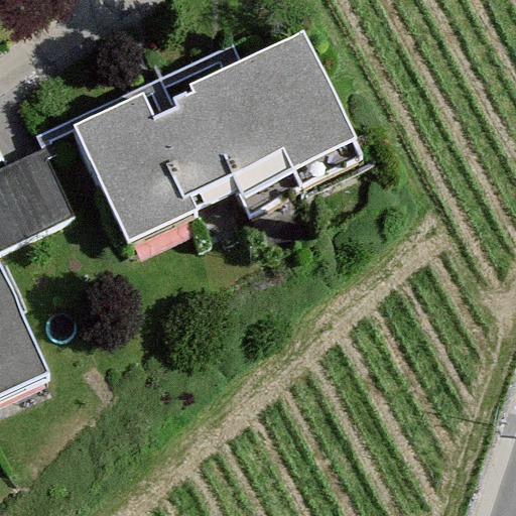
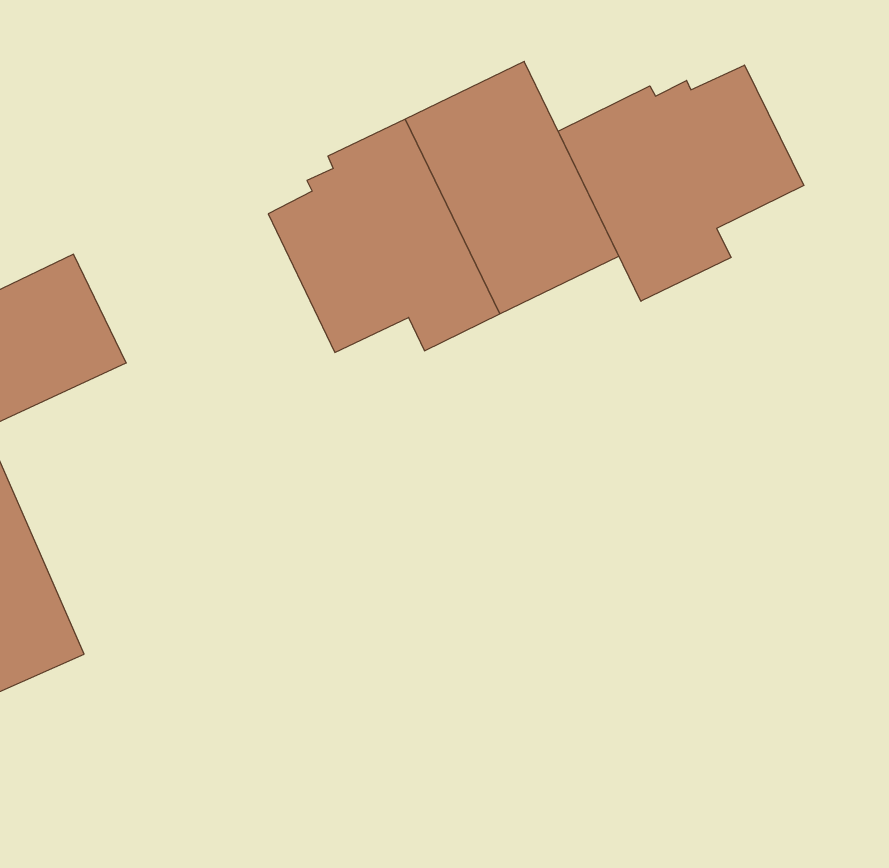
building: none -> [558,65,804,301]
building: [74,99,199,247] -> none

